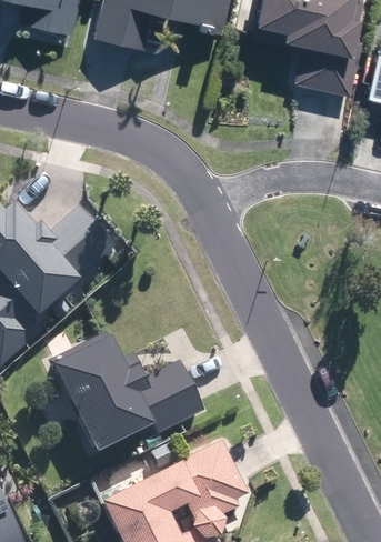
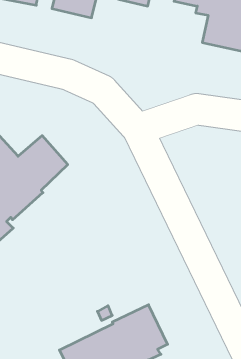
building: [47,330,204,450] -> none

